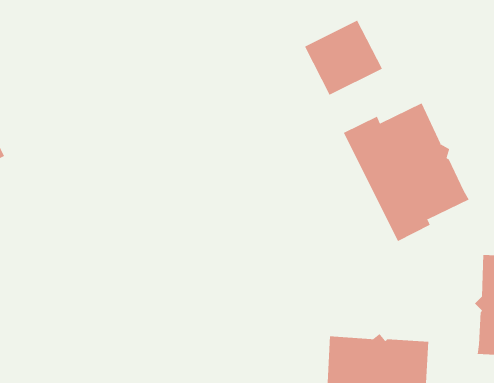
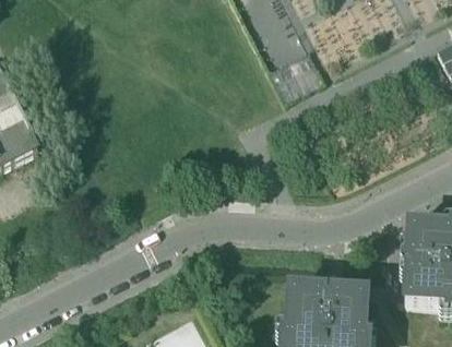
building: [343,103,470,242] -> none

